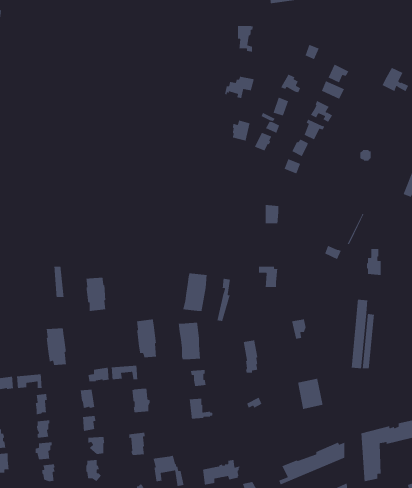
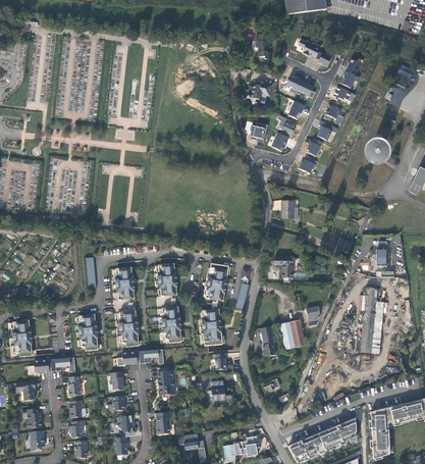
building: none -> [158,263,177,296]
building: none -> [119,310,139,347]
building: [297,378,323,410] -> [280,319,305,349]

